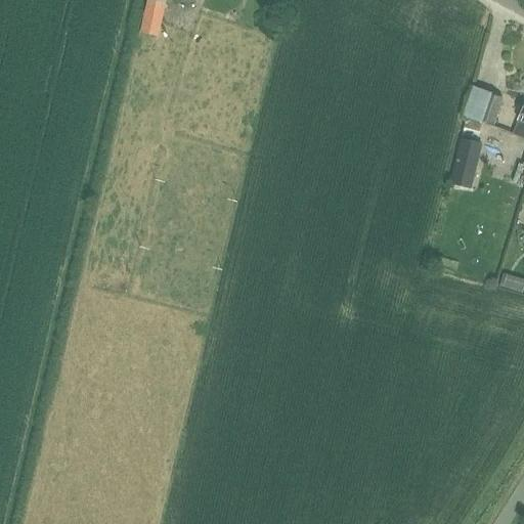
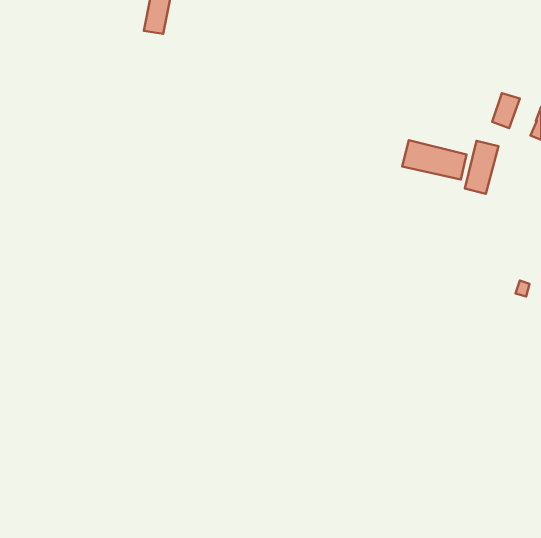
building: none -> [402,140,467,179]

